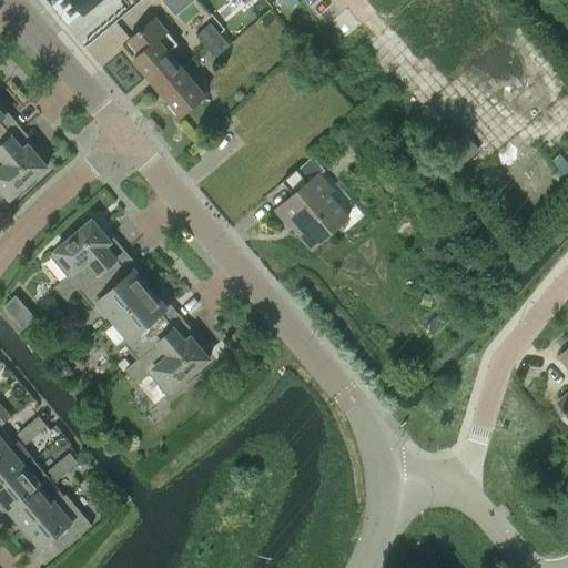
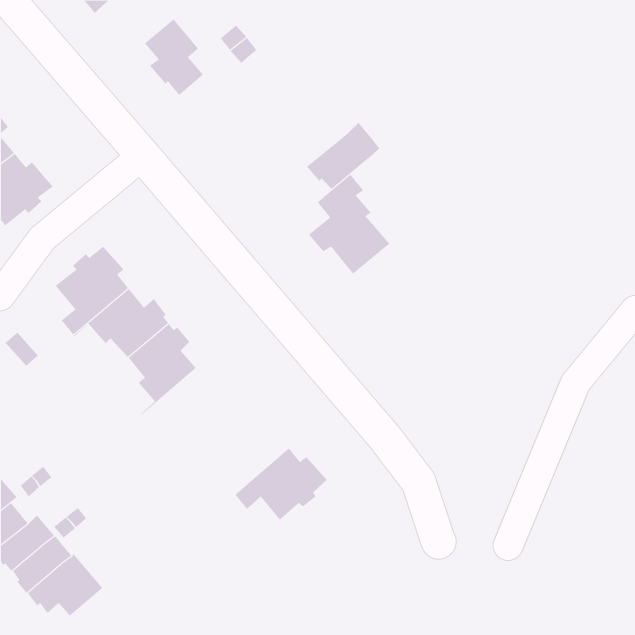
building: [160,67,206,115] -> none
building: none -> [306,122,380,190]
building: [126,328,210,394] -> [234,448,328,521]

